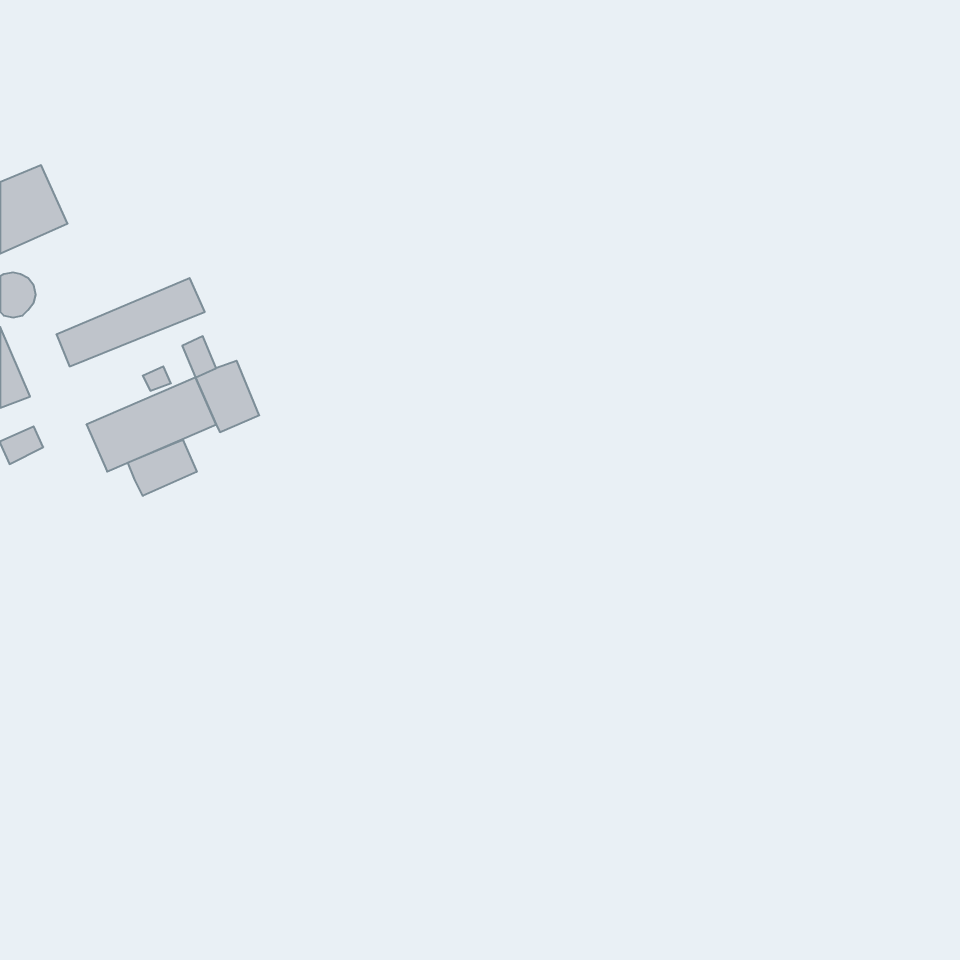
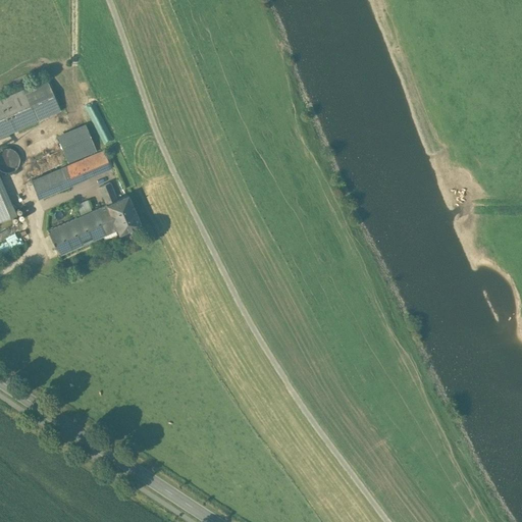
building: none -> [22,80,60,121]
building: none -> [58,124,97,162]
building: [128,440,197,496] -> none

